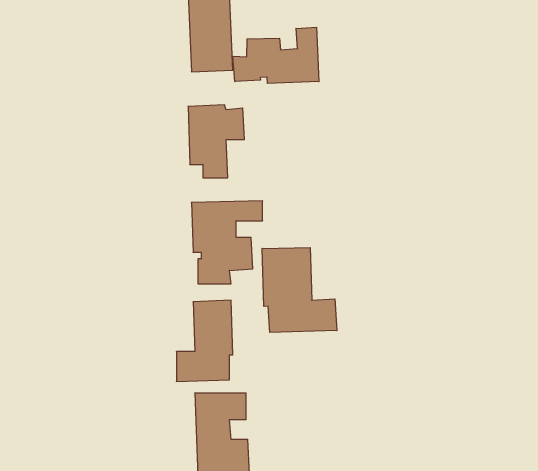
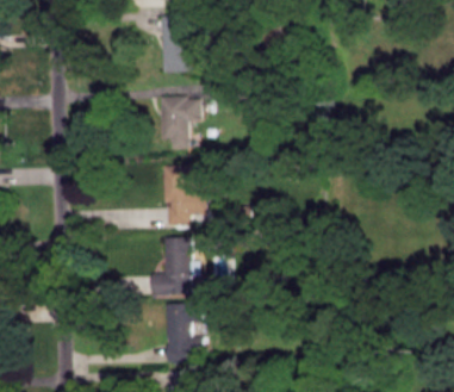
building: [233,27,319,83] -> none
building: [262,248,337,332] -> none

